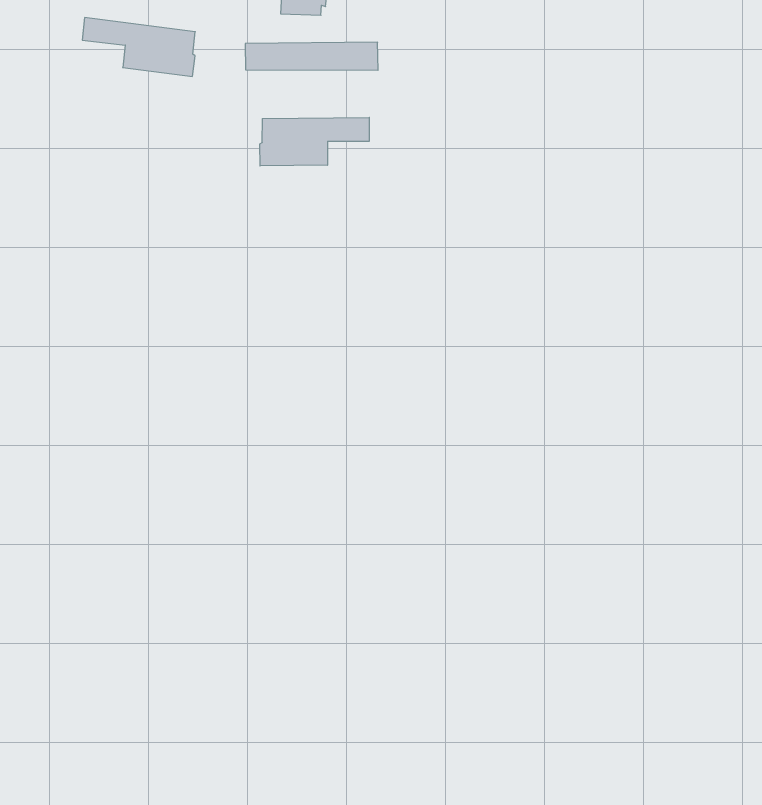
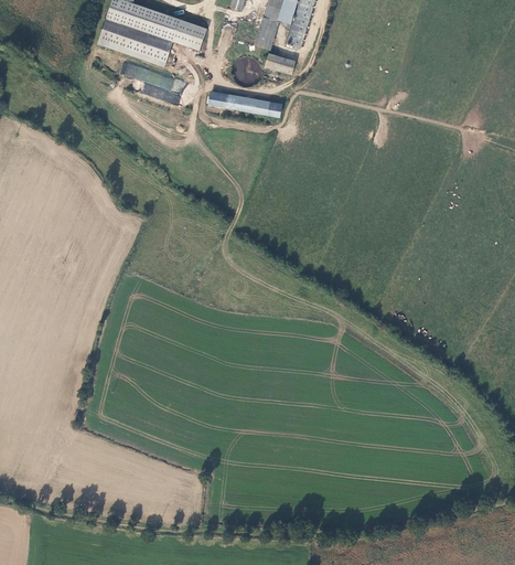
building: [260,117,369,166] -> none

